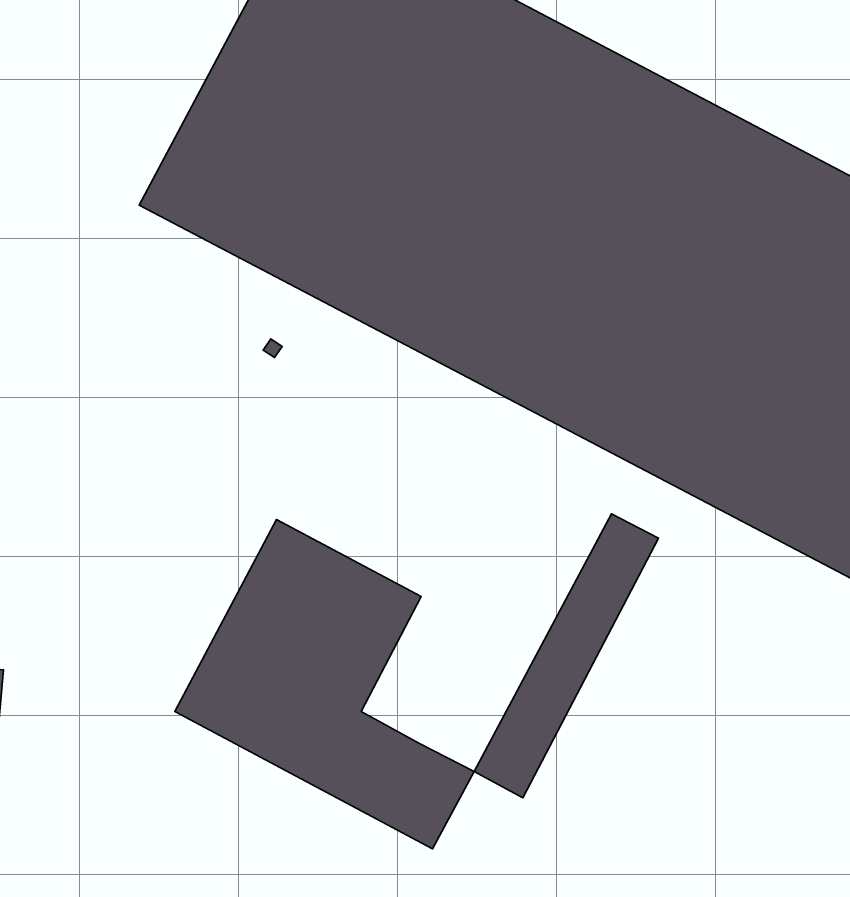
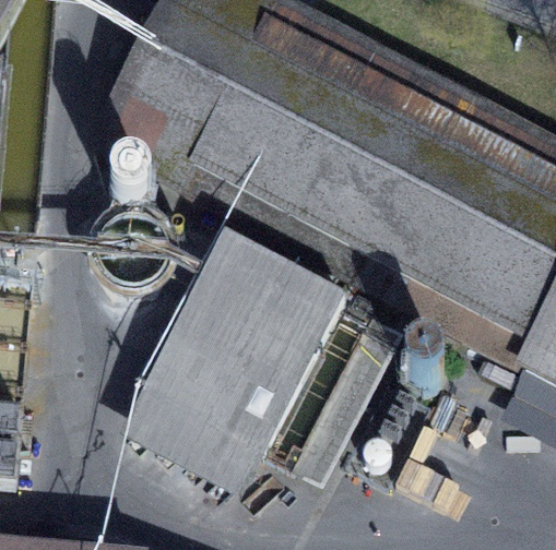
building: none -> [181,232,344,446]

